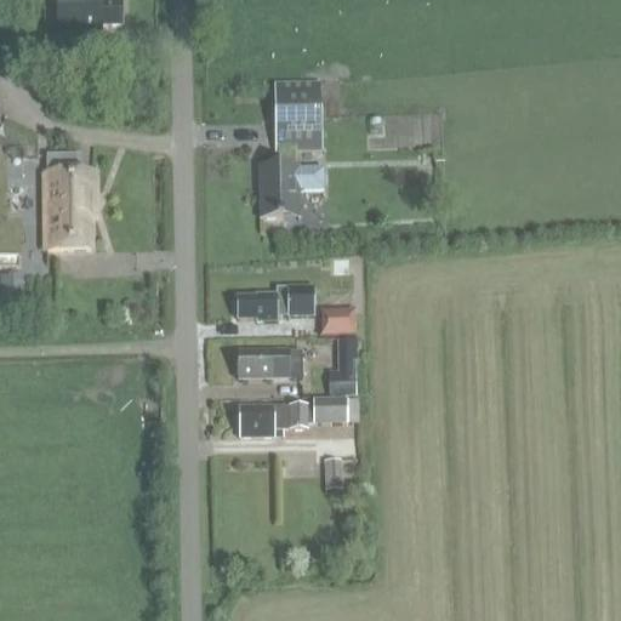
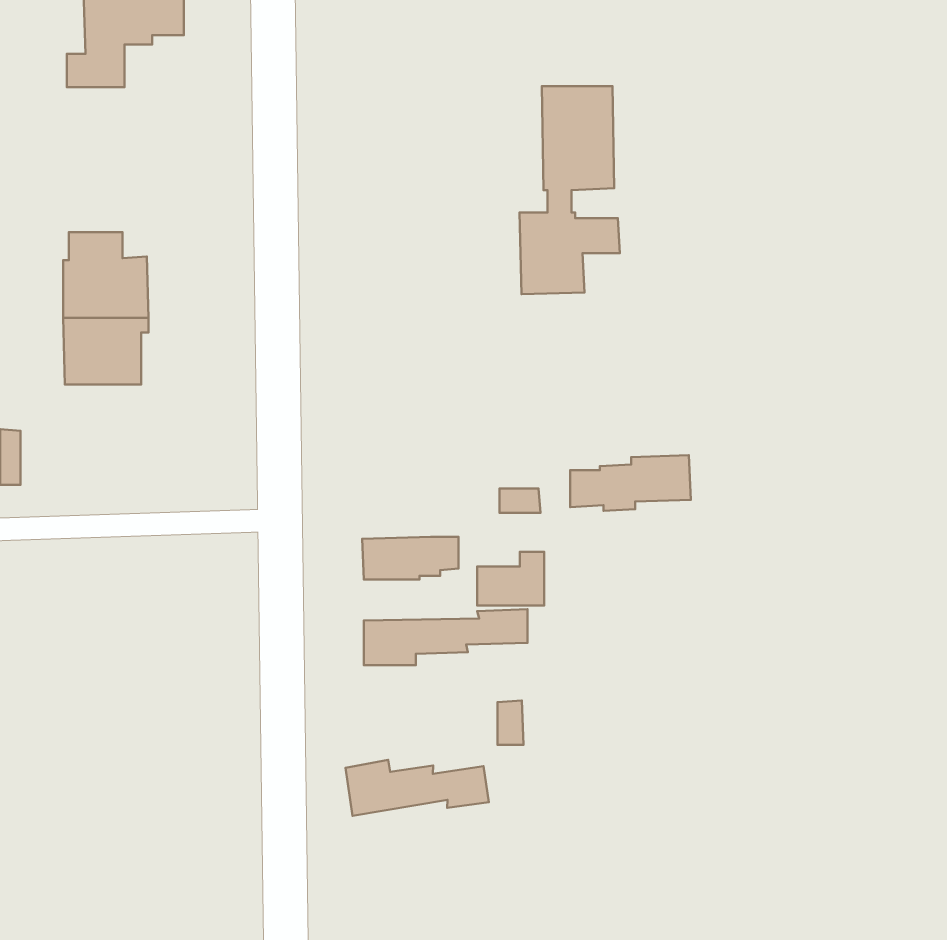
building: [260,79,325,215] -> [520,86,620,294]
building: [235,284,314,320] -> [570,455,691,511]
building: none -> [345,760,489,816]

